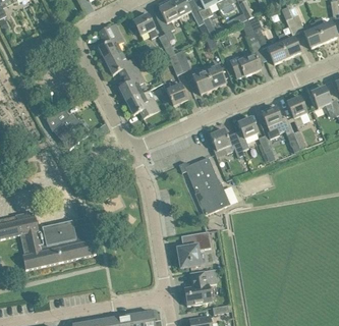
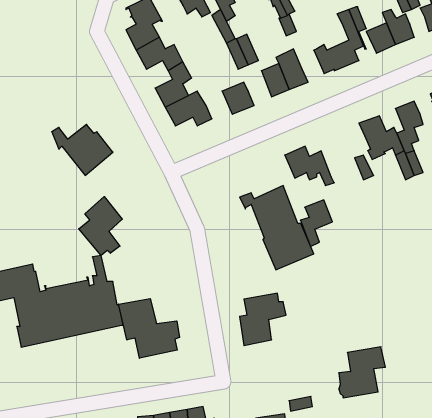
building: [235,116,258,149] -> [300,200,332,246]
building: none -> [79,197,122,255]
building: none -> [119,299,180,358]
building: [184,268,217,304] -> [339,347,385,398]

